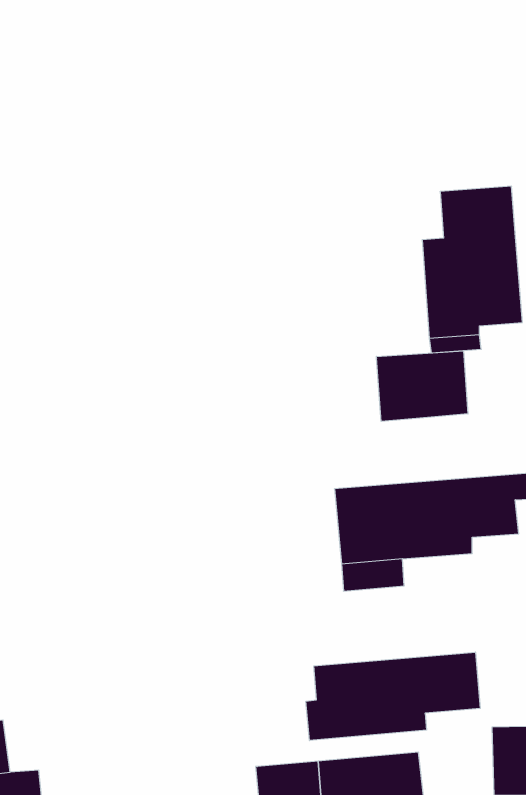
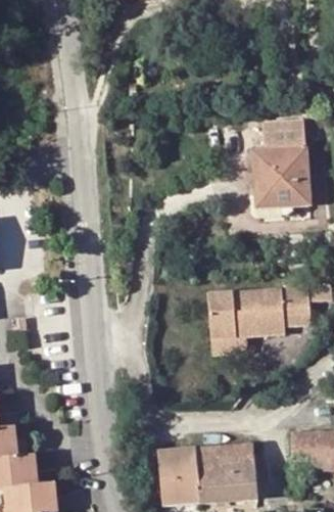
building: [376,351,468,421] -> none
building: [306,652,480,741] -> none

